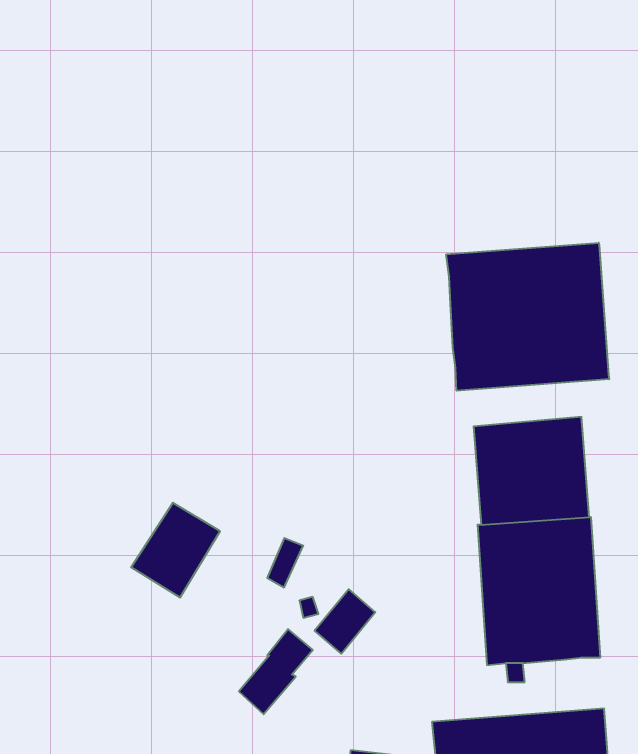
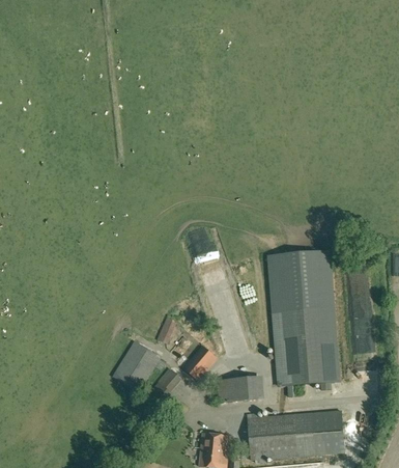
building: [446,243,609,391] -> none
building: [131,503,220,597] -> [112,340,161,392]
building: none -> [218,377,258,402]

